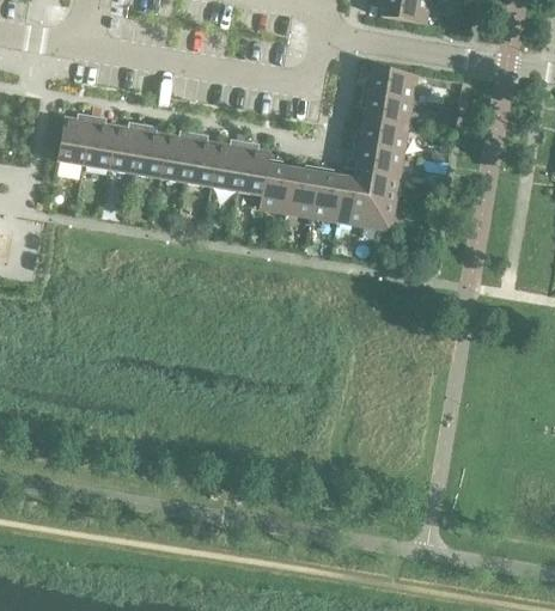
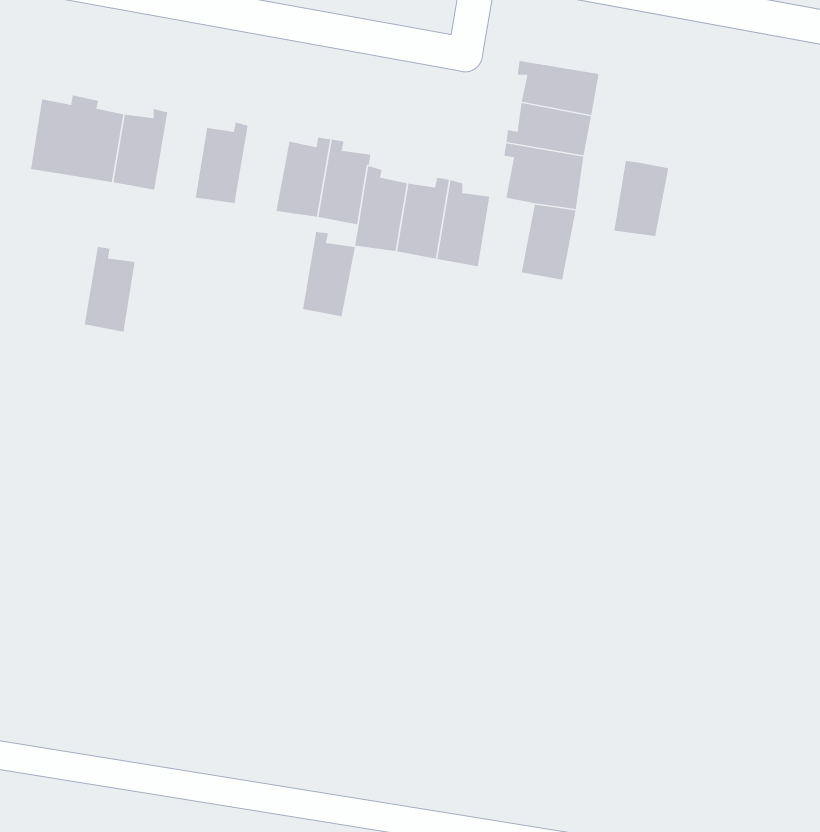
building: [361,67,415,100] -> none
building: [134,124,166,178] -> [84,246,136,333]
building: [184,133,218,187] -> [302,231,356,317]
building: [336,177,371,225] -> [614,160,669,237]

